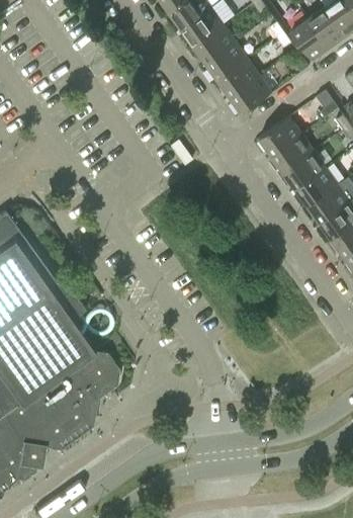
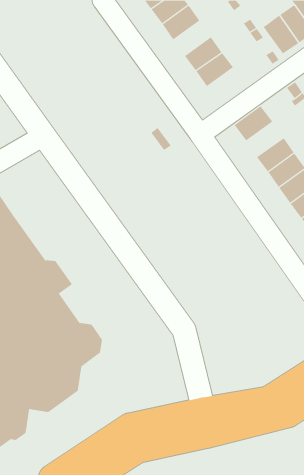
building: [193,25,235,64] -> none
building: [230,76,272,114] -> none
building: [272,135,314,173] -> none

